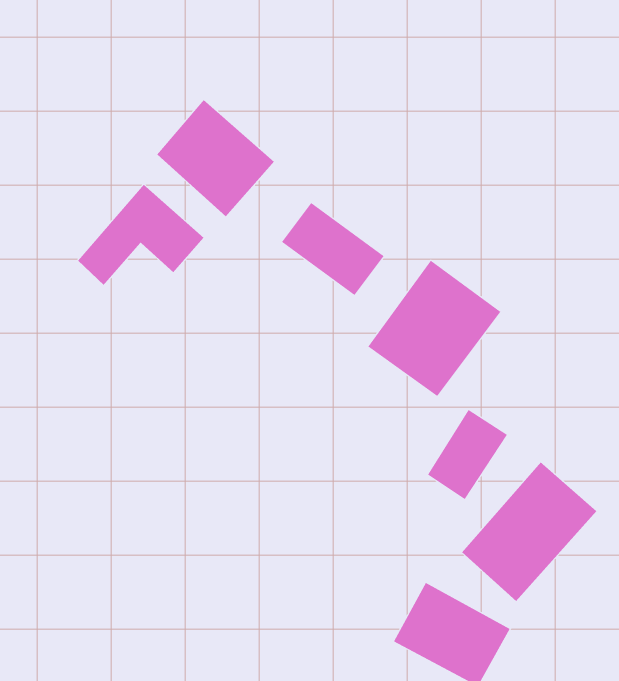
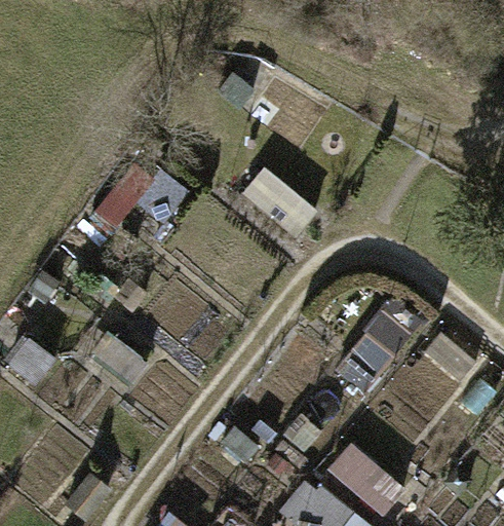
building: [156,99,275,217] -> none
building: [368,260,501,397] -> none

